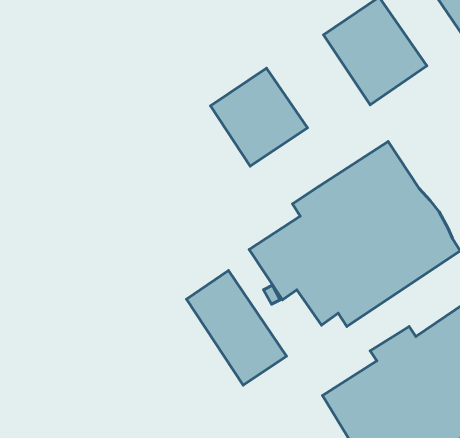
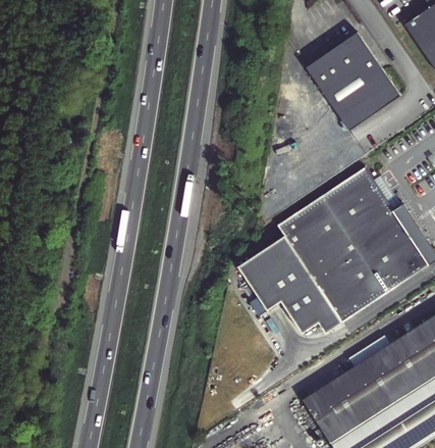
building: [210,68,307,166] -> none
building: [186,271,287,385] -> none

